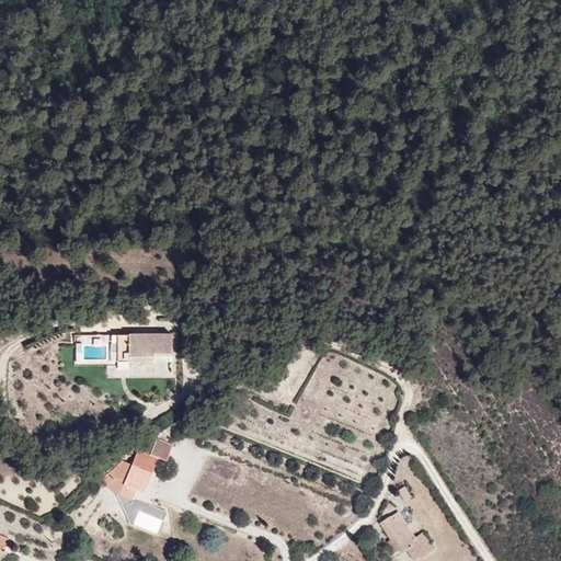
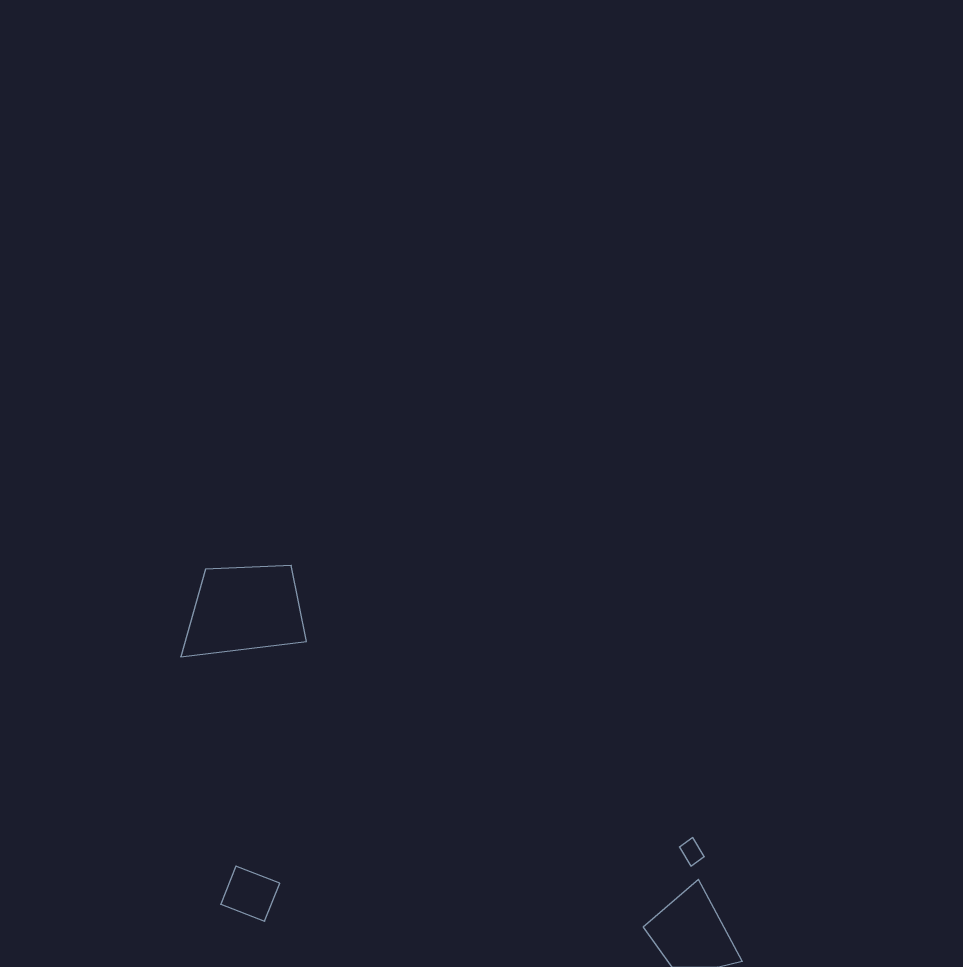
building: [99,453,154,495] -> none

